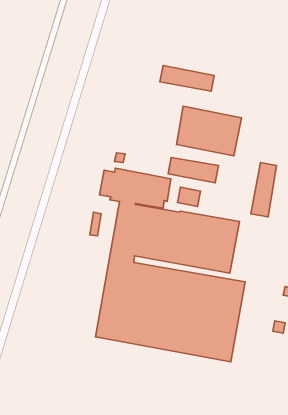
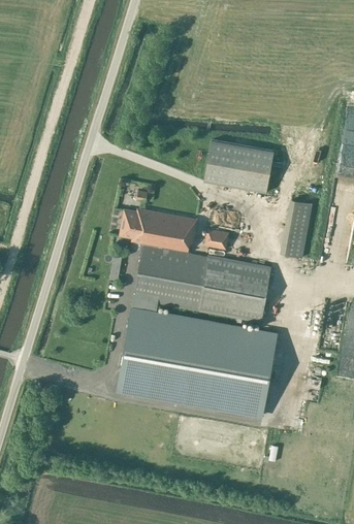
building: [160,65,214,91] -> none
building: [168,157,218,183] -> none

